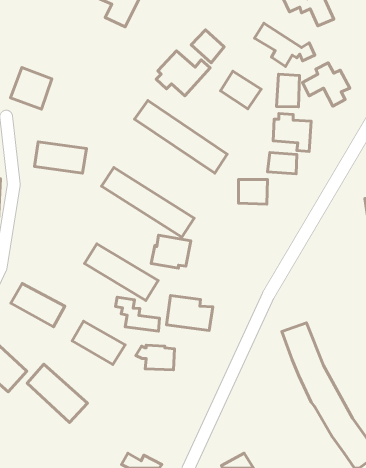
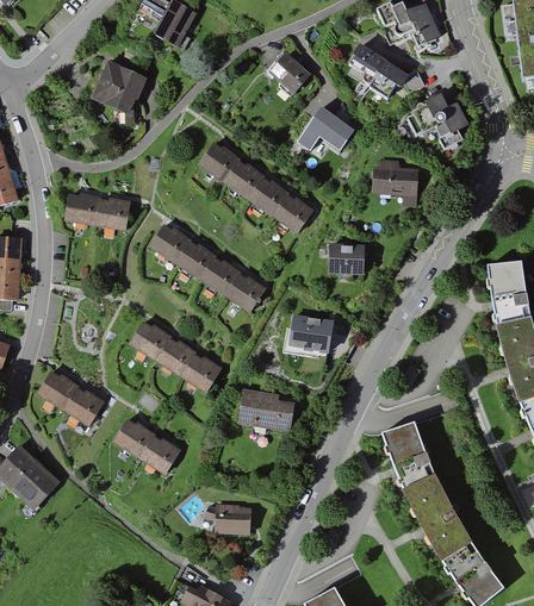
building: [156,51,210,96] -> none
building: [10,68,52,109] -> [97,63,149,115]
building: [276,74,300,107] -> none
building: [268,152,297,174] -> none
building: [151,235,191,268] -> [281,313,331,355]
building: [115,297,160,331] -> none
building: [136,345,174,370] -> [200,501,249,532]
building: [27,364,87,423] -> none

